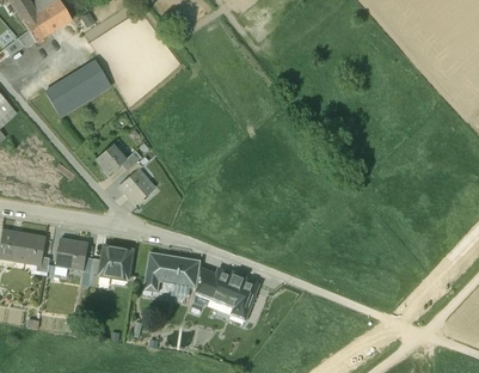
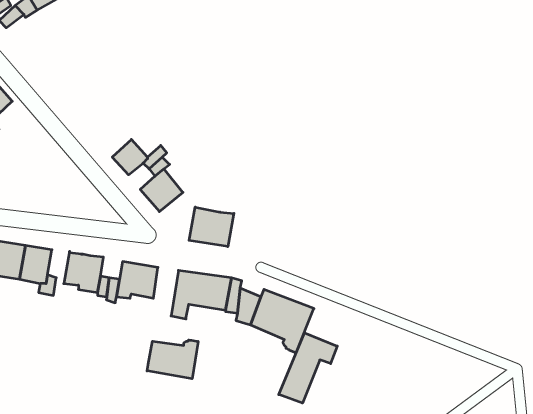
building: [44,62,109,117] -> none
building: none -> [189,207,234,247]
building: none -> [279,333,337,403]
building: none -> [147,340,198,379]

